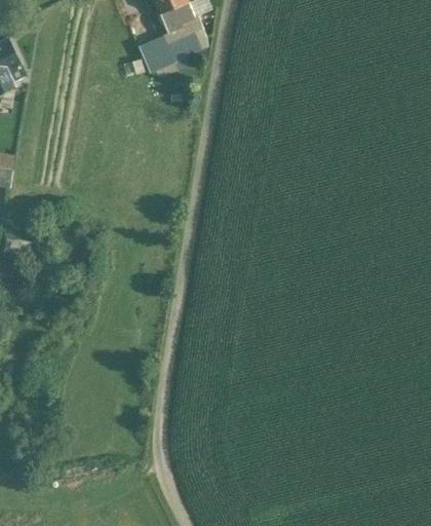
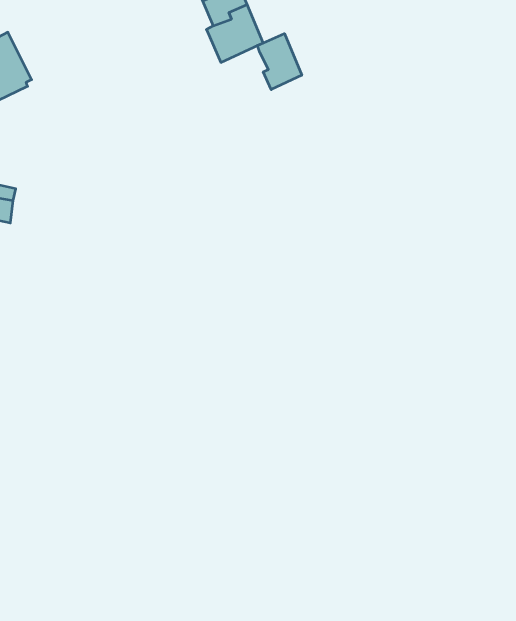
building: [136,36,172,73] -> none
building: none -> [257,34,302,90]

